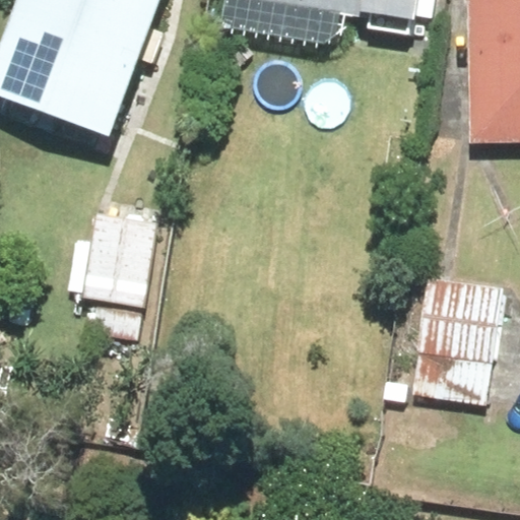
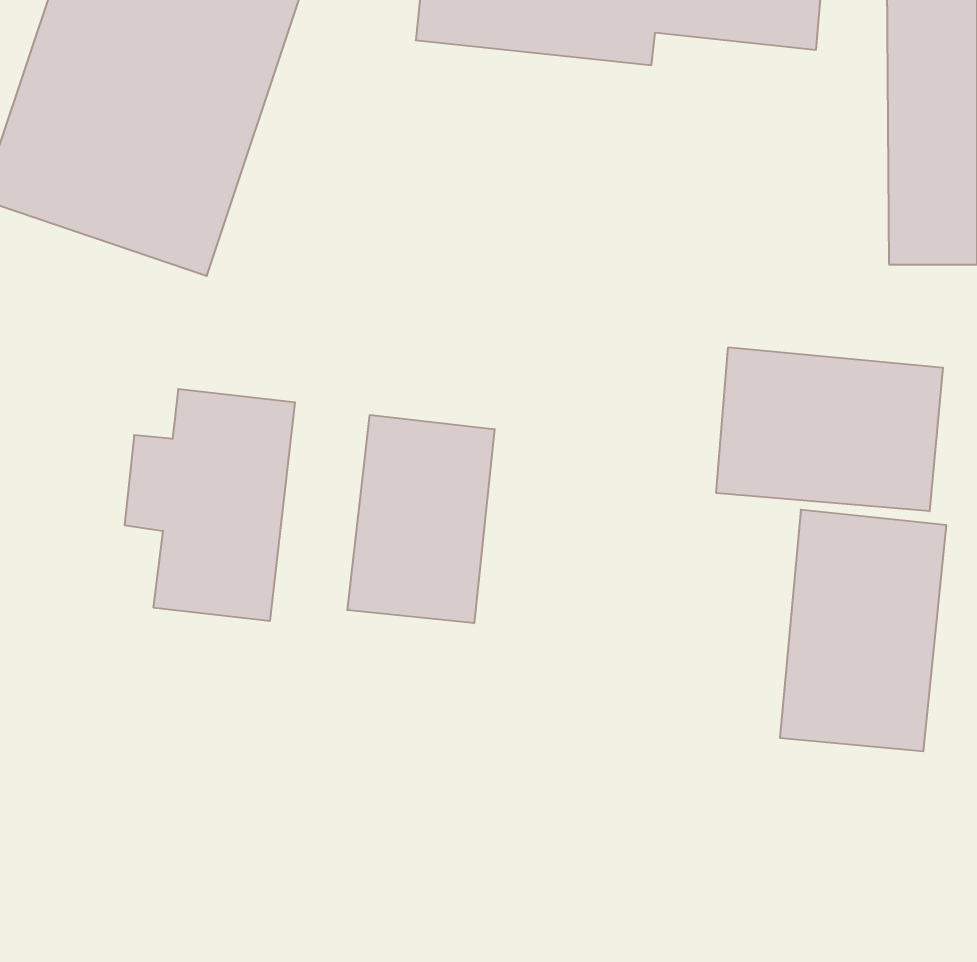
building: none -> [716,347,943,511]
building: none -> [347,415,495,623]

